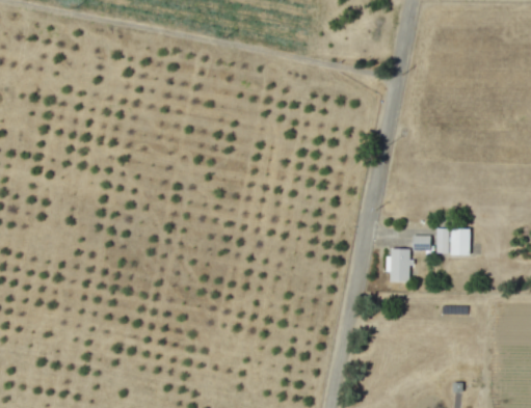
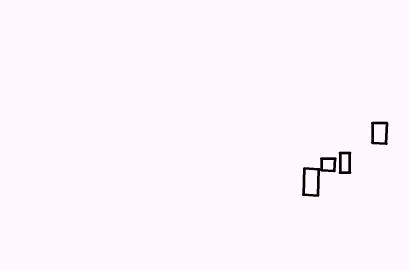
building: [451,229,470,255] -> [372,123,387,144]

